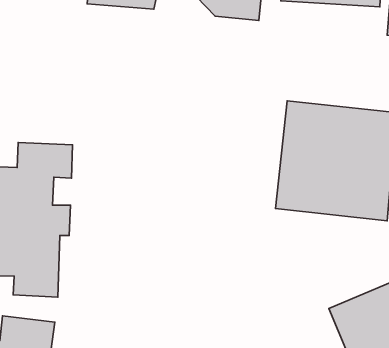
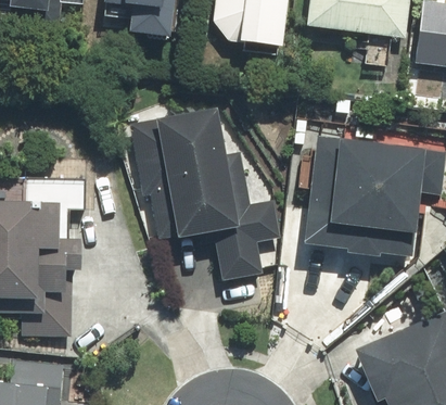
building: none -> [151,107,271,279]

